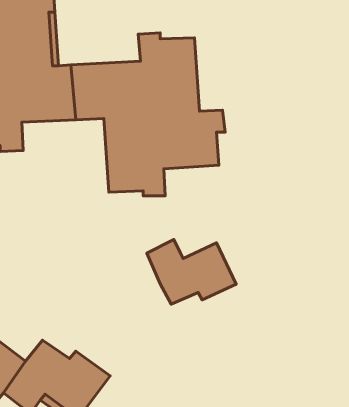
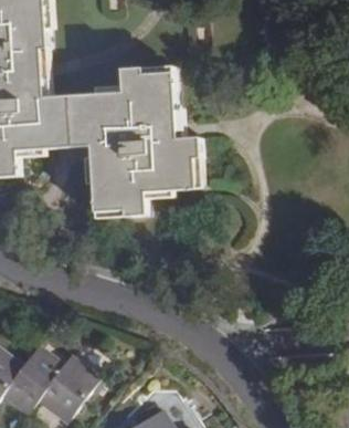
building: [147,239,236,304] -> none

